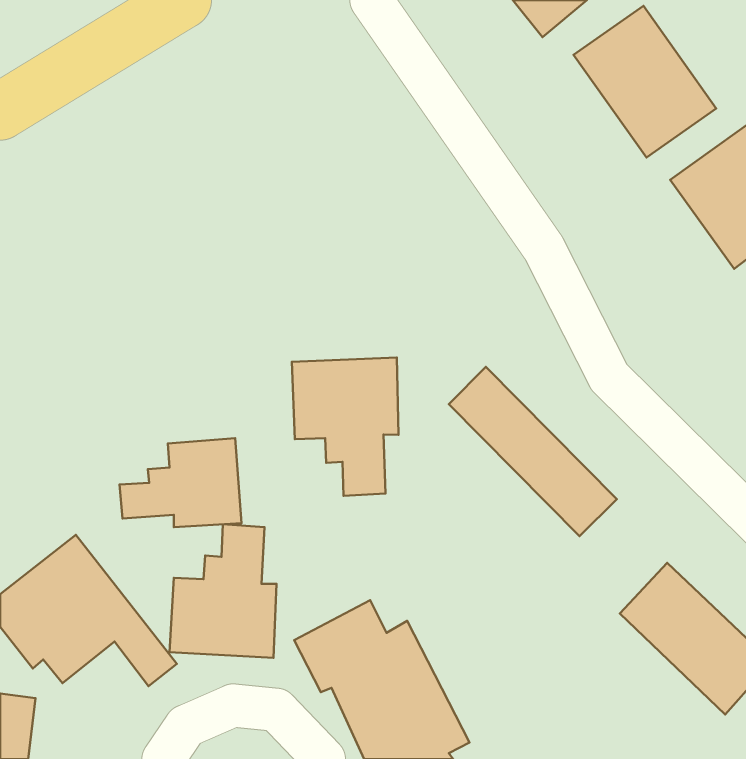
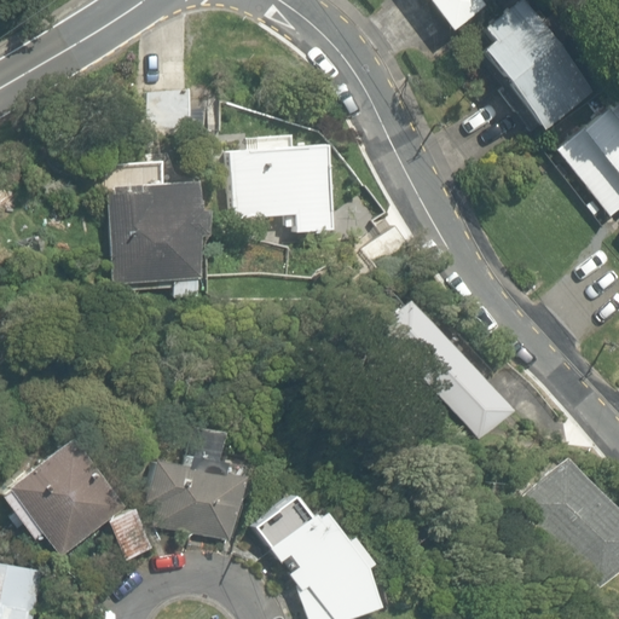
building: none -> [231,143,345,237]
building: none -> [110,179,220,297]
building: [292,358,399,496] -> none
building: [120,438,241,527] -> none

